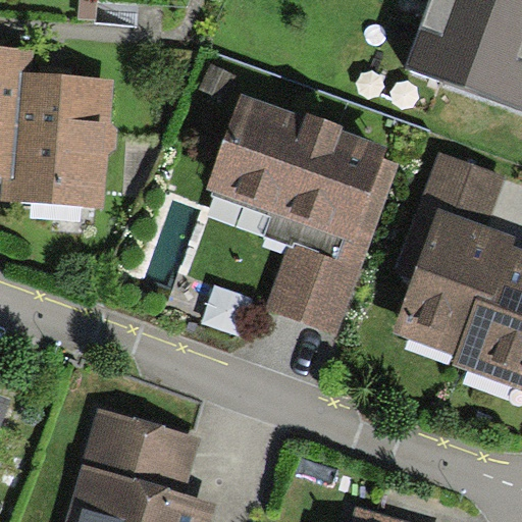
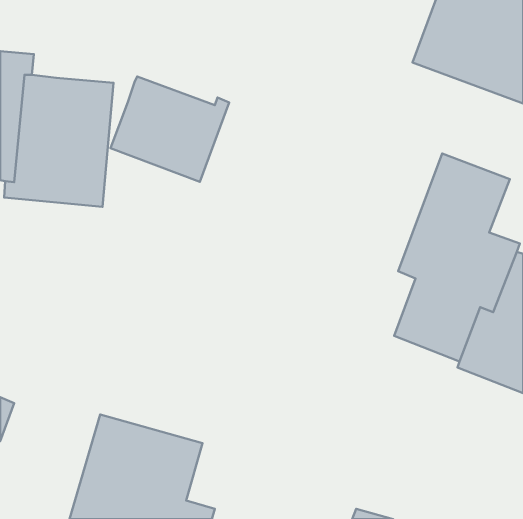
building: none -> [111,77,229,182]
building: [210,110,396,330] -> none

